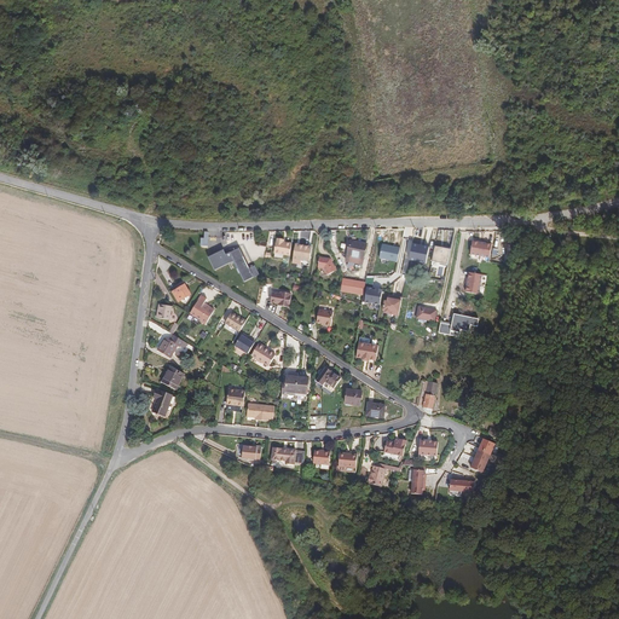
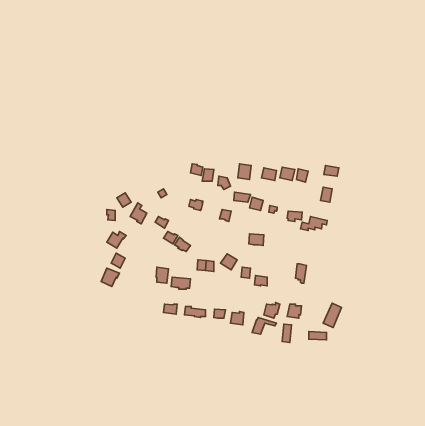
building: [210,248,259,280] -> none

